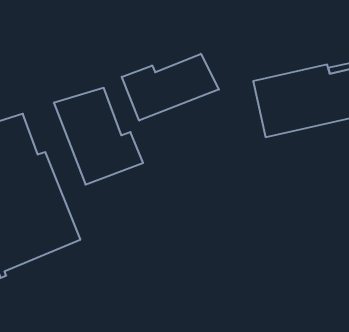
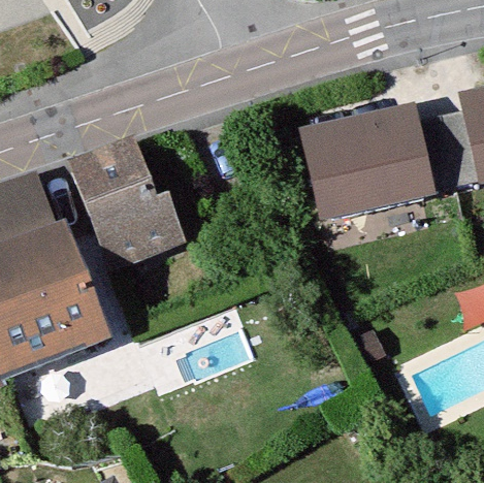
building: [122,54,219,121] -> none

